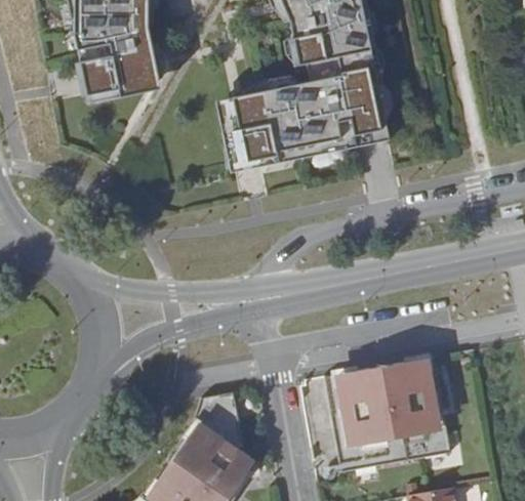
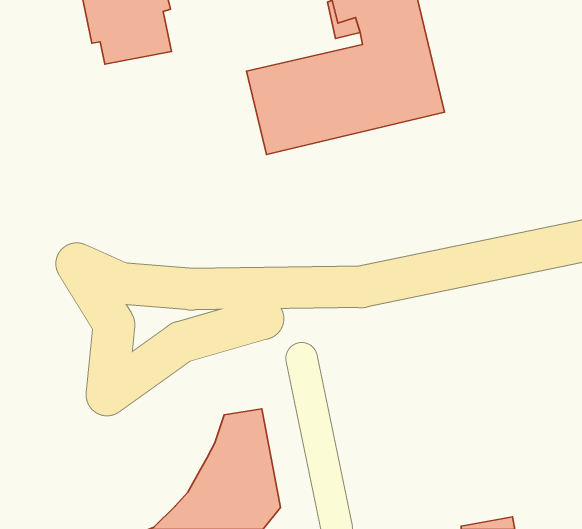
building: [324,359,450,474] -> none

